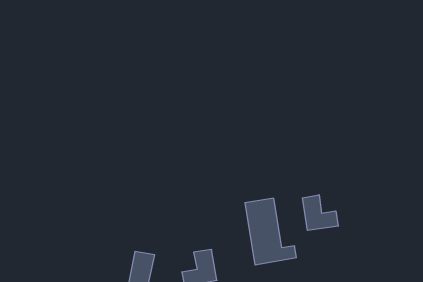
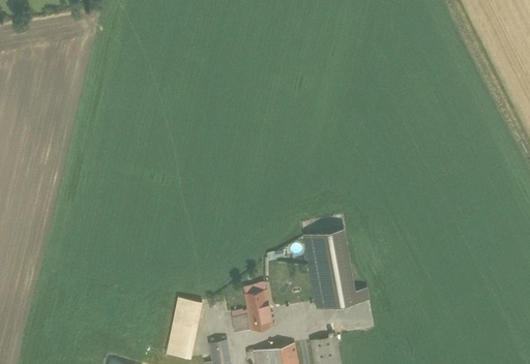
building: [302,195,338,230] -> none

